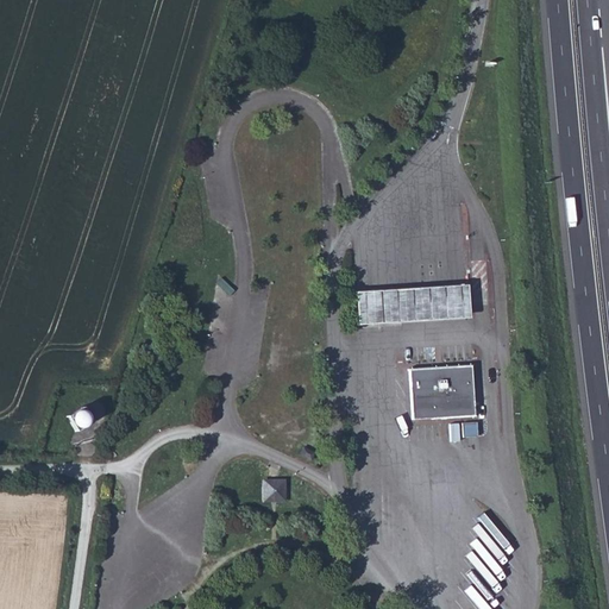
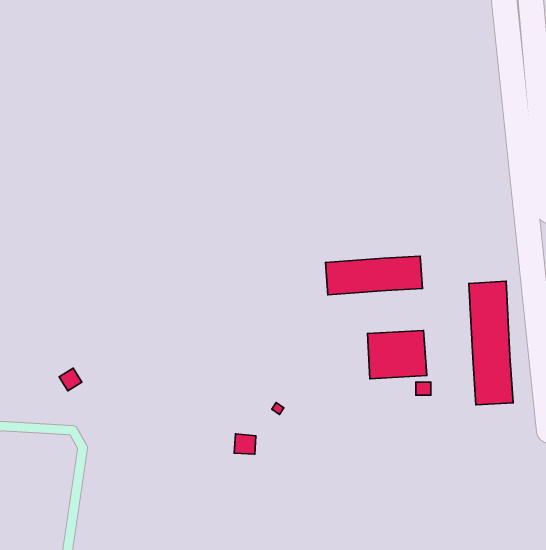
building: none -> [469,281,513,405]

